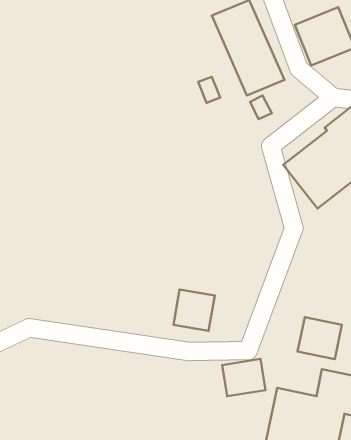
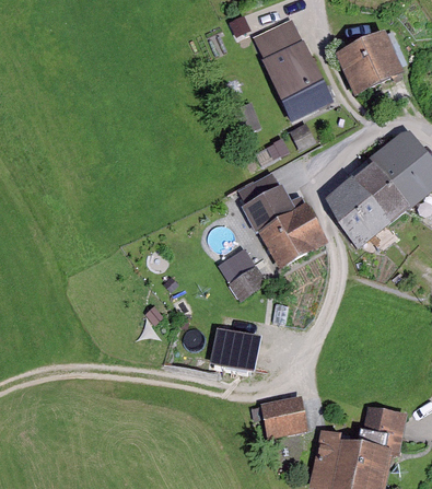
building: none -> [245,188,327,272]
building: none -> [218,246,266,296]
building: [298,317,342,359] -> none

